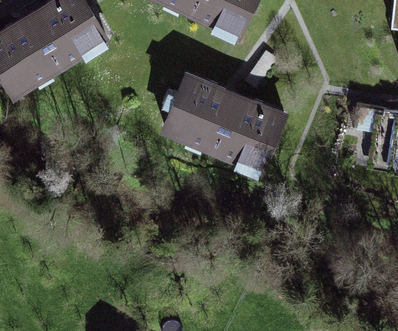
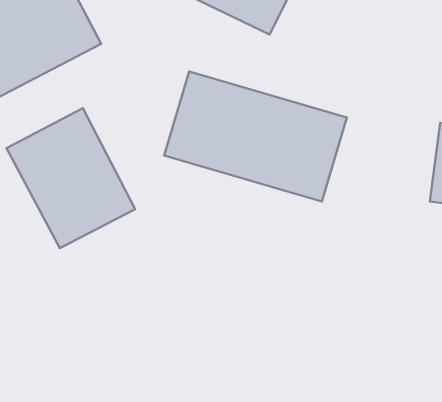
building: none -> [6,108,135,248]

